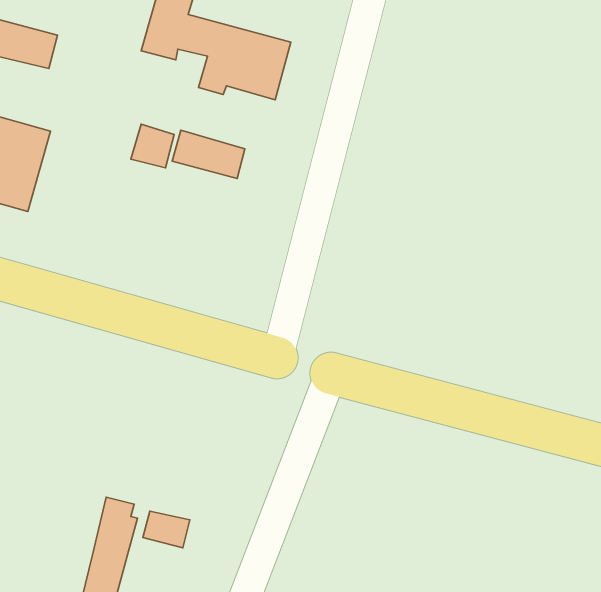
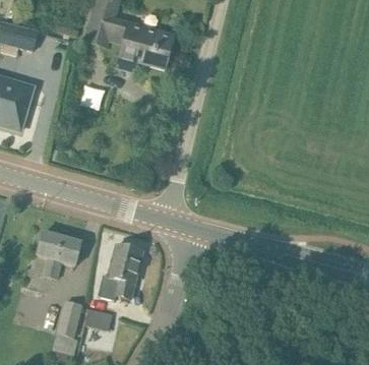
building: [172,130,245,179] -> none
building: none -> [38,231,81,278]
building: none -> [99,243,143,298]

